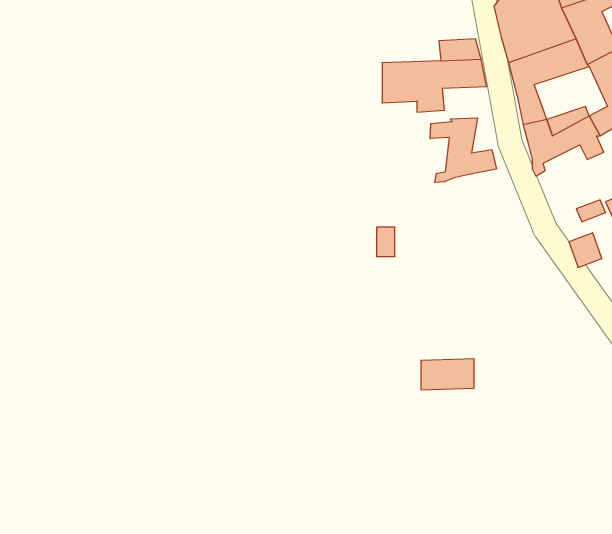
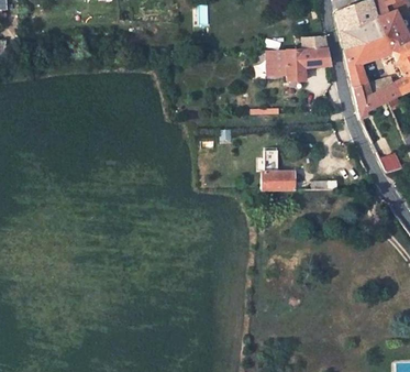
building: [430,118,496,182] -> none
building: [421,359,474,390] -> [264,172,296,190]

